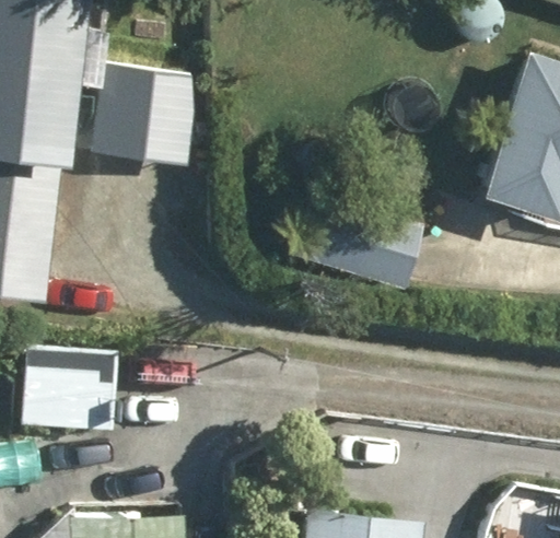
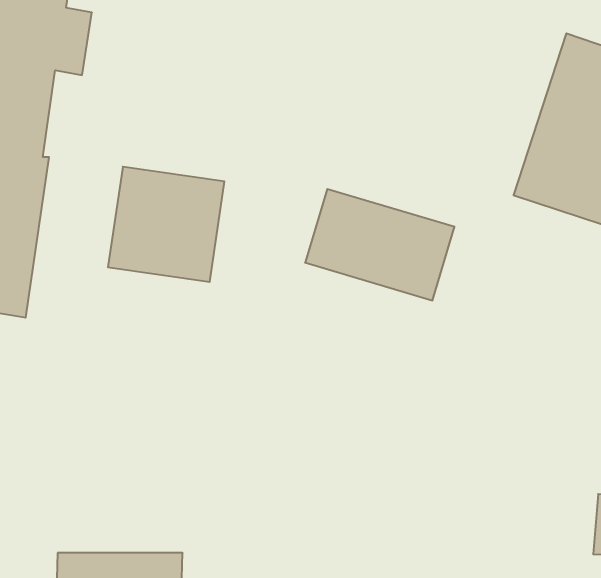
building: [95,65,199,167] -> [108,167,224,282]
building: [23,347,117,431] -> none

